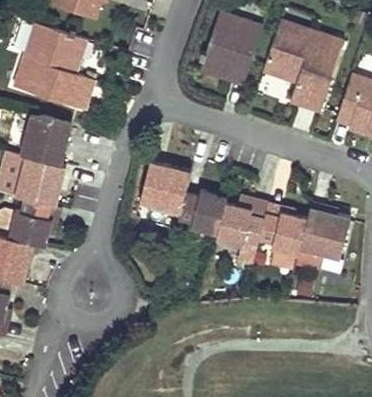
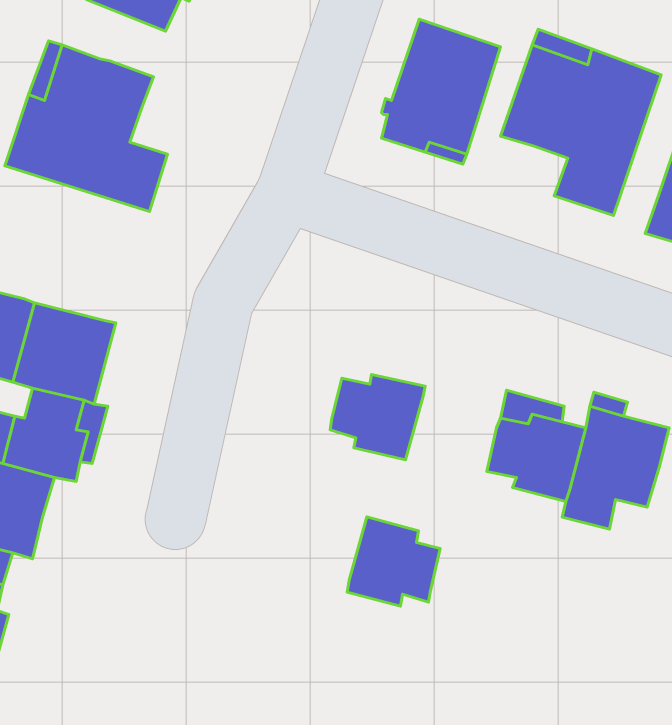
building: [22,114,73,164] -> none
building: [136,161,188,213] -> none
building: [213,202,260,247] -> [347,517,440,606]

